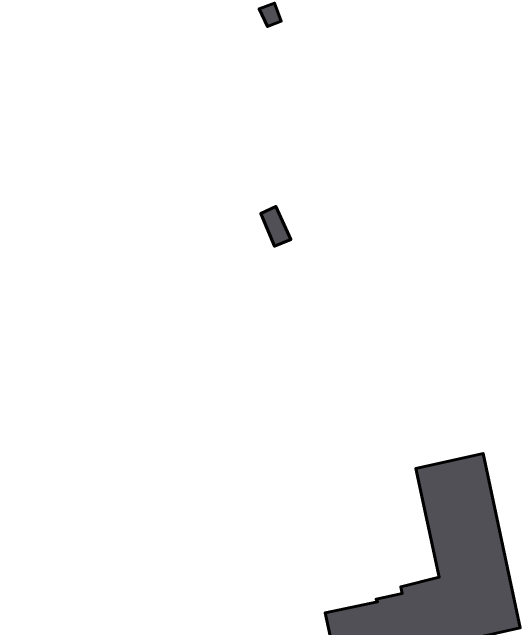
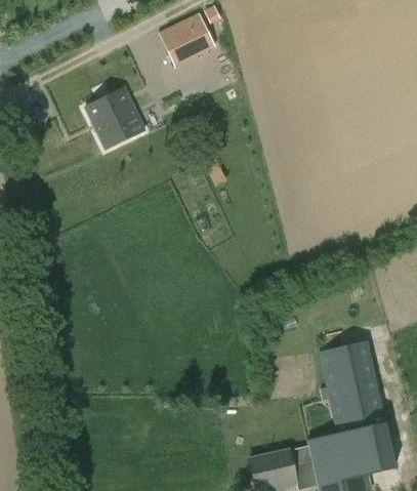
building: none -> [156,12,211,64]
building: none -> [86,88,145,150]

